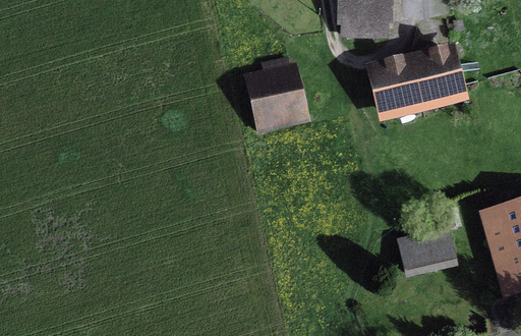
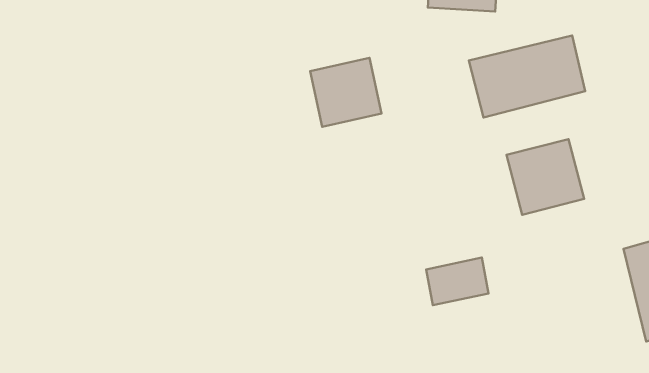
building: none -> [506,139,584,215]
building: [403,233,451,270] -> [426,258,488,305]

